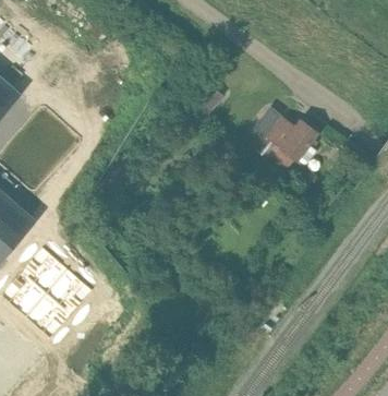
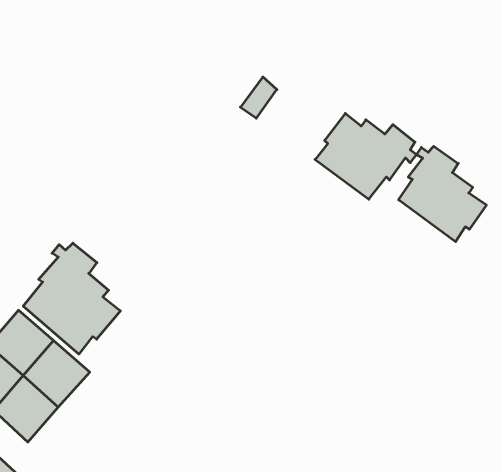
building: none -> [399,146,486,242]
building: none -> [23,243,120,354]

